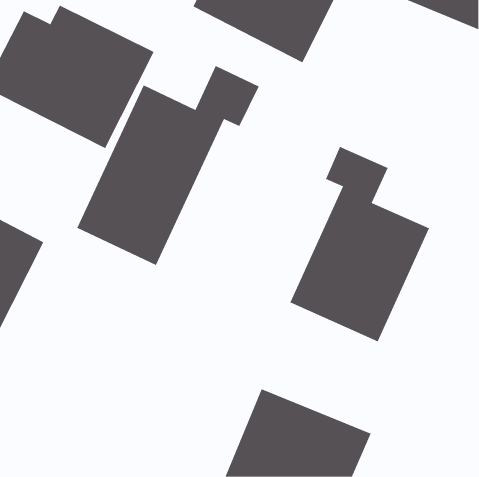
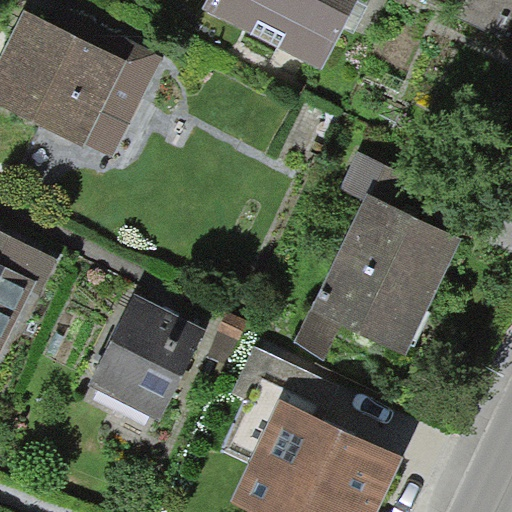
building: [76,65,259,266] -> none
building: none -> [88,293,202,416]

